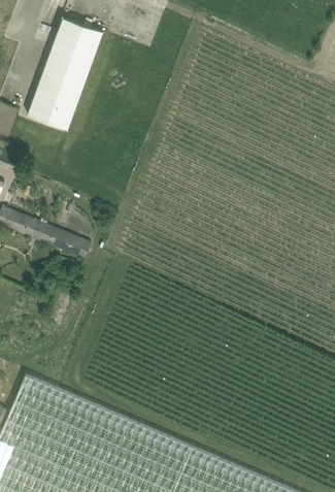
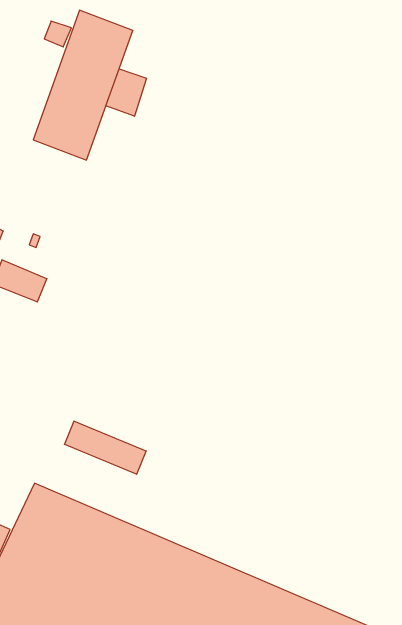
building: none -> [106,69,146,116]
building: [30,220,92,260] -> [64,421,146,474]

